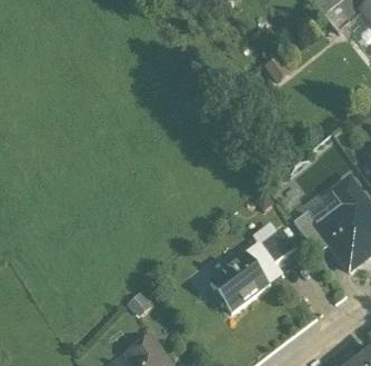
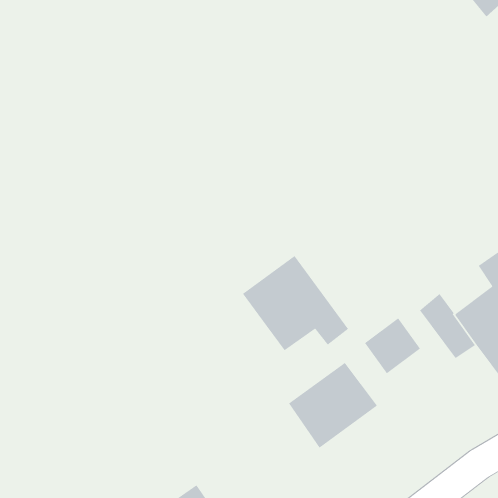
building: none -> [242,255,349,352]

